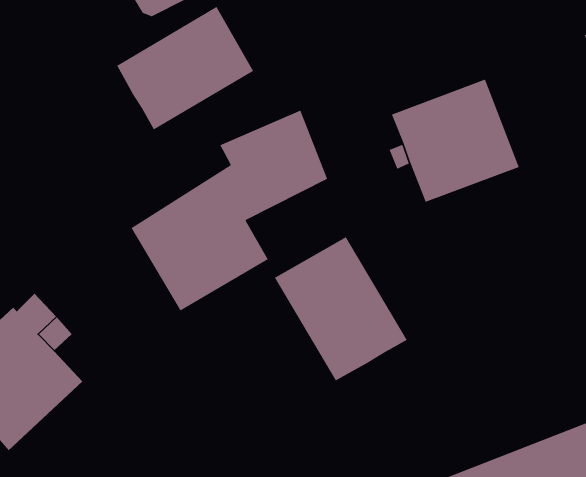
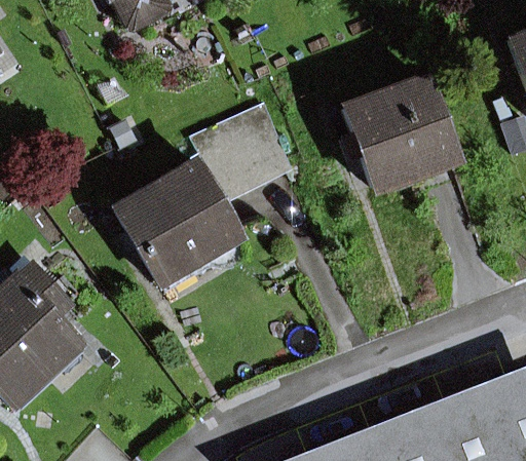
building: [116,6,254,131] -> none
building: [274,236,408,382] -> none

